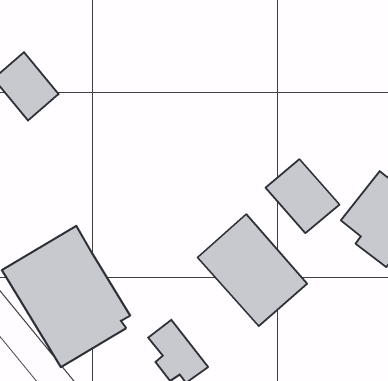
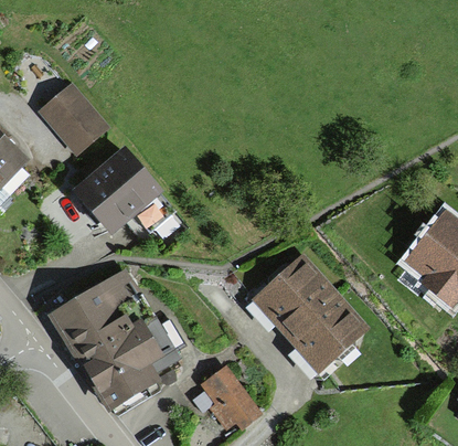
building: none -> [73,148,160,234]
building: [266,159,339,233] -> none

